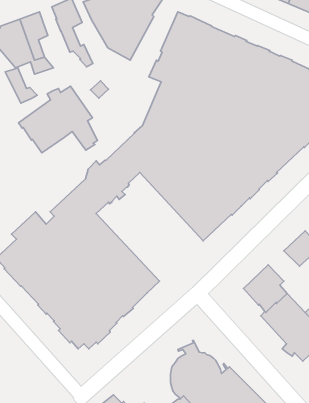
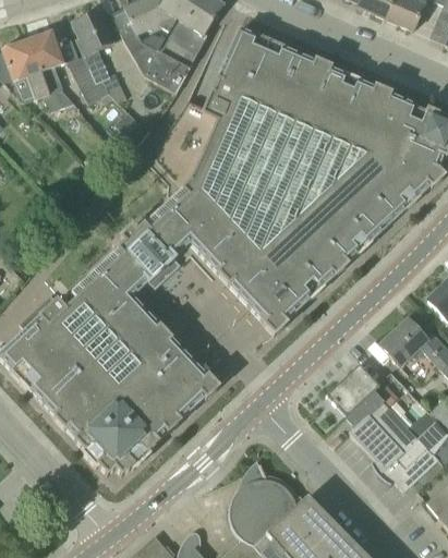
building: [5,67,37,103] -> [68,53,110,101]
building: [19,86,97,153] -> none

